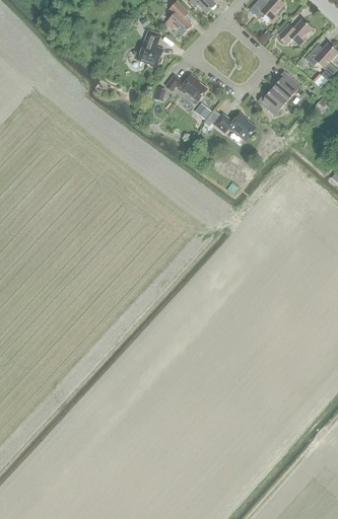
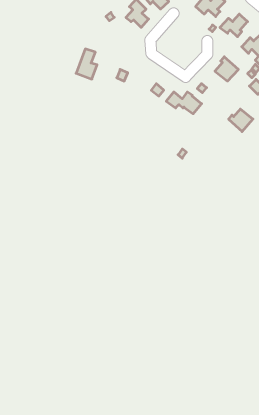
building: [137,29,162,66] -> [76,49,97,79]
building: [165,73,207,100] -> none
building: [258,87,287,115] -> [229,109,253,132]

